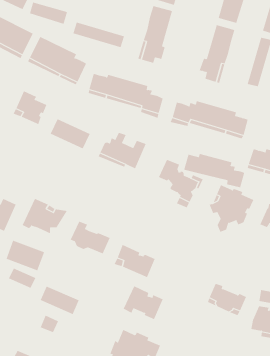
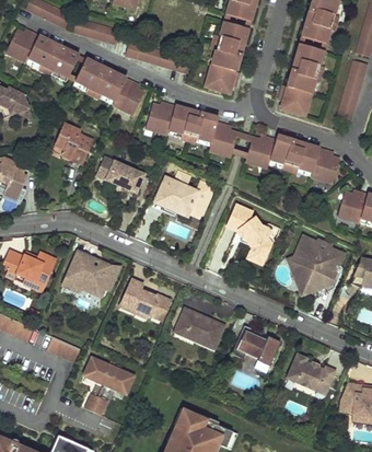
building: [184,153,245,188] -> none
building: [6,240,45,271] -> none
building: [123,285,164,320] -> [232,325,281,367]

